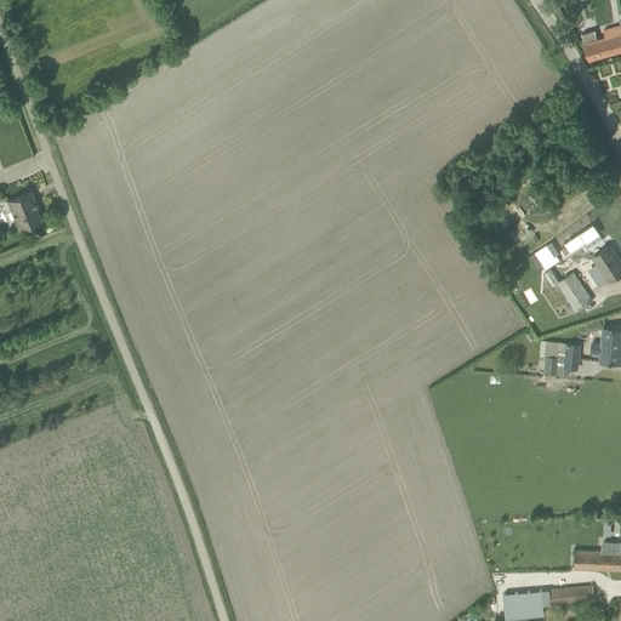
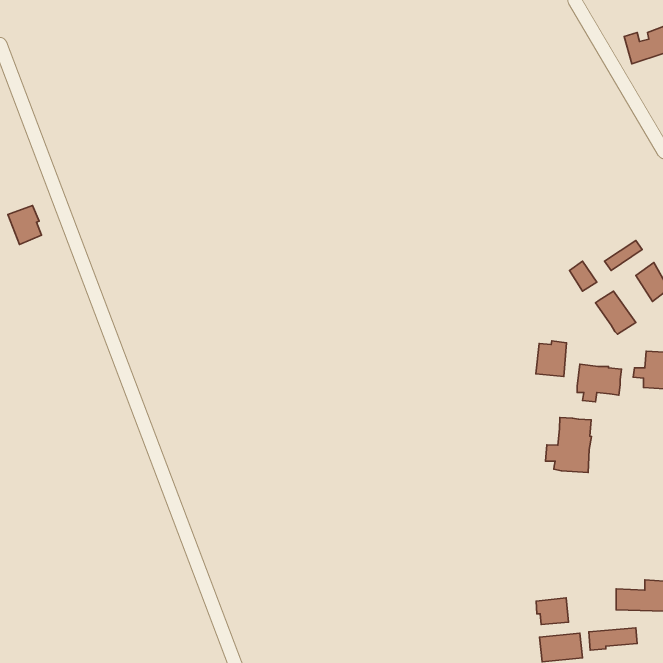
building: none -> [536,341,566,377]
building: none -> [546,417,591,472]
building: none -> [536,598,569,625]

